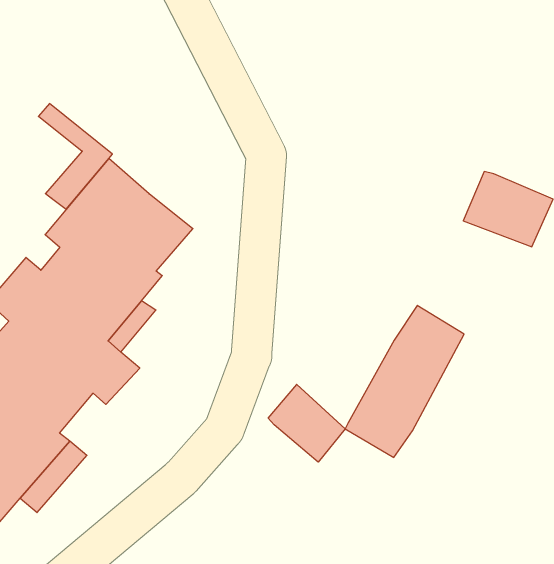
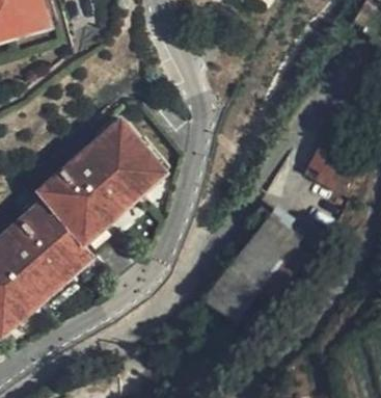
building: [38,104,112,209] -> [128,130,168,190]
building: [268,384,345,462] -> none

